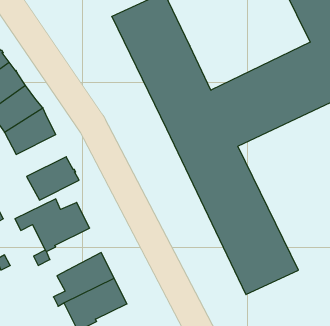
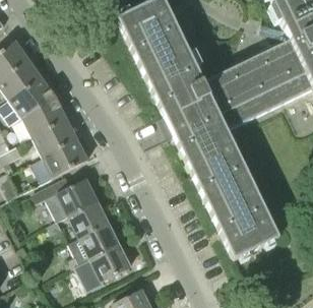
building: none -> [34,119,77,156]
building: none -> [67,200,108,237]

